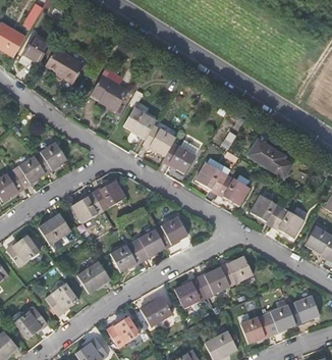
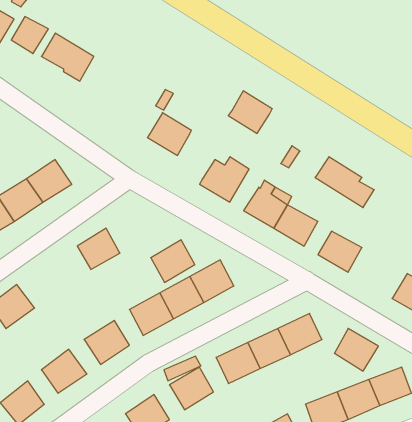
building: [91,74,128,110] -> none
building: [143,123,175,155] -> [228,91,272,133]
building: [93,178,125,210] -> [151,240,195,282]
building: [272,206,305,238] -> [334,328,378,371]
building: [38,212,71,244] -> none

